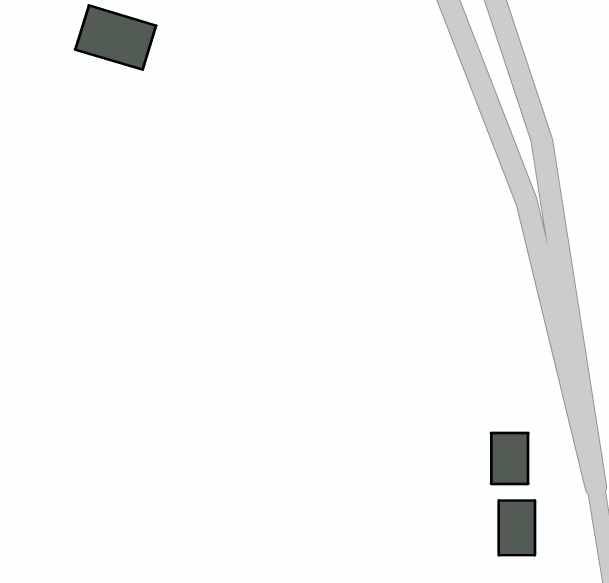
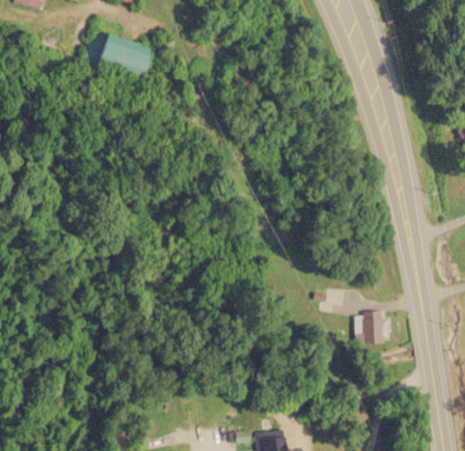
building: [499,500,535,555] -> none

